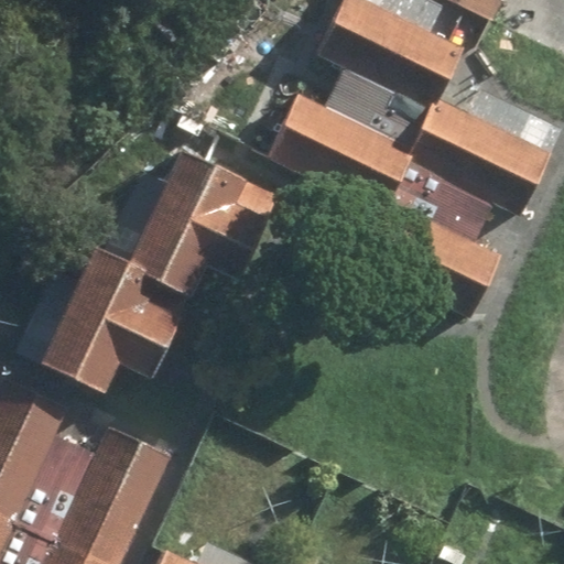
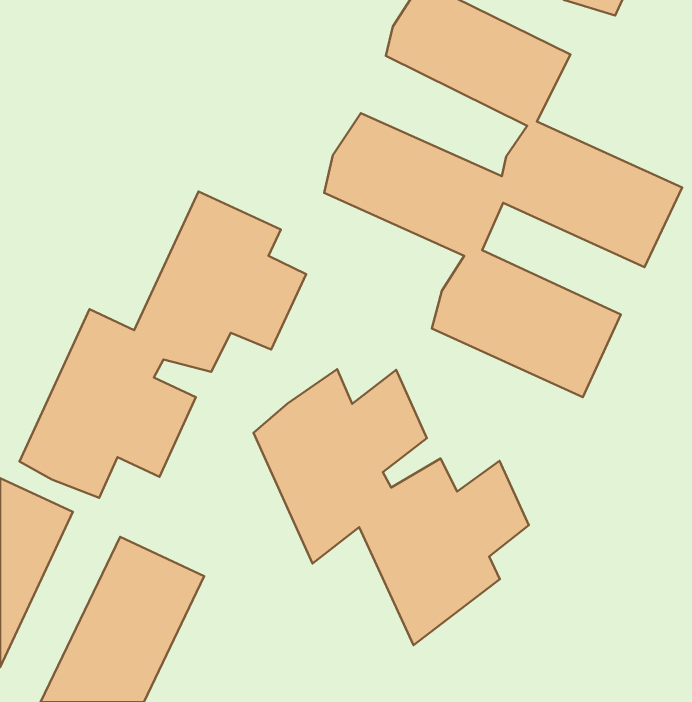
building: none -> [254,369,529,645]

